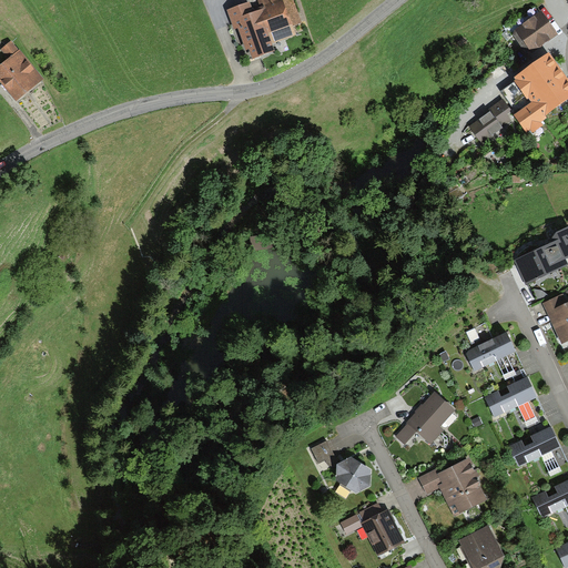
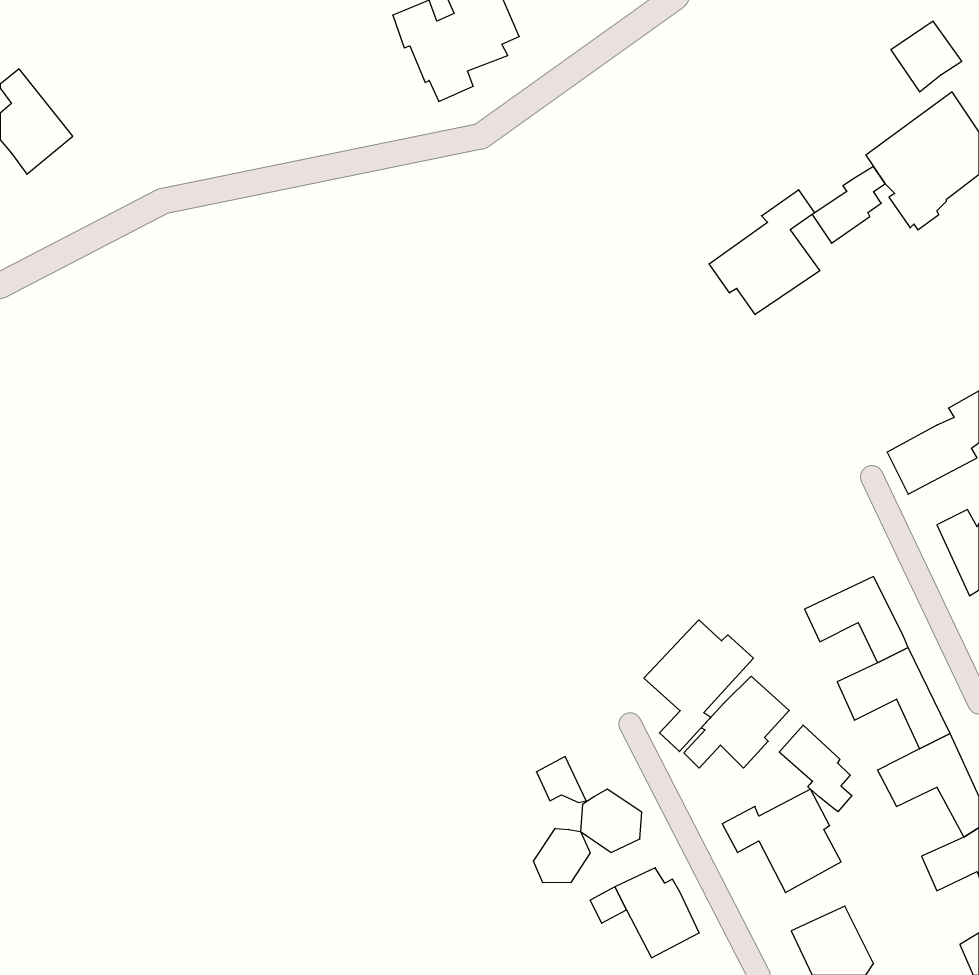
building: none -> [709,190,820,315]
building: none -> [644,620,753,752]
building: none -> [779,725,852,812]
building: none -> [533,828,590,883]

